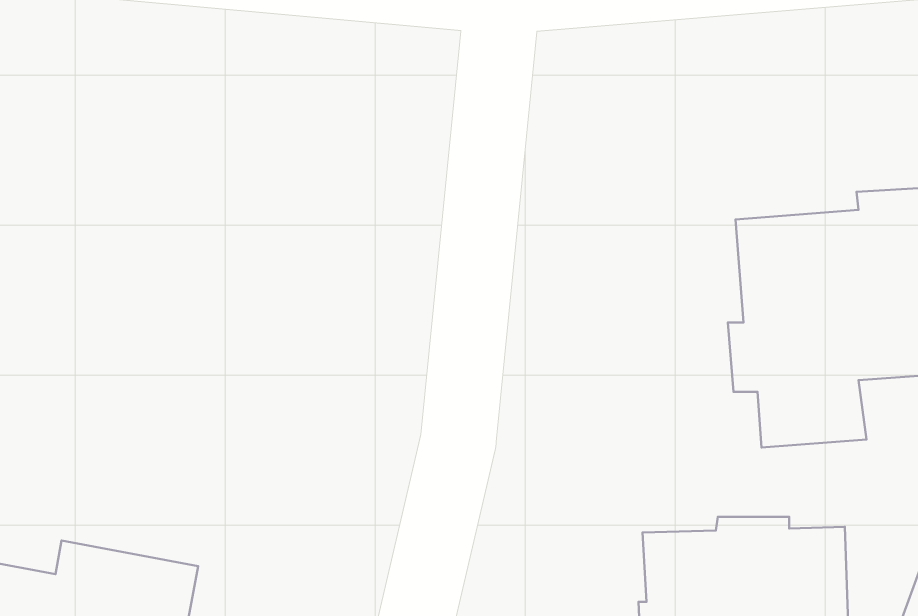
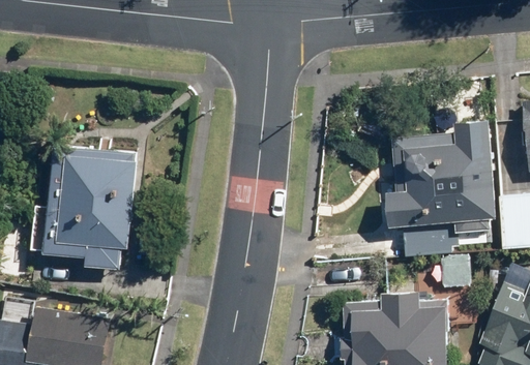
building: none -> [31,146,139,268]

